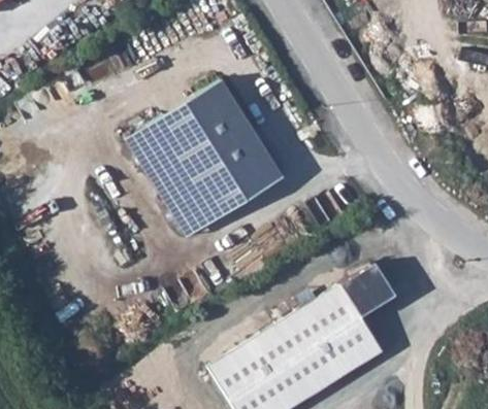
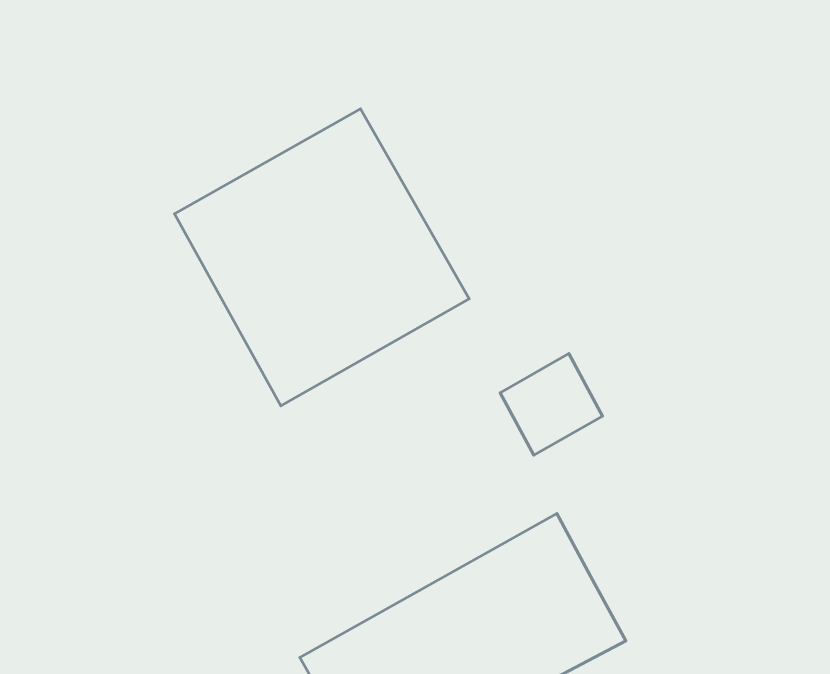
building: [337,265,392,319] -> [500,354,603,455]

